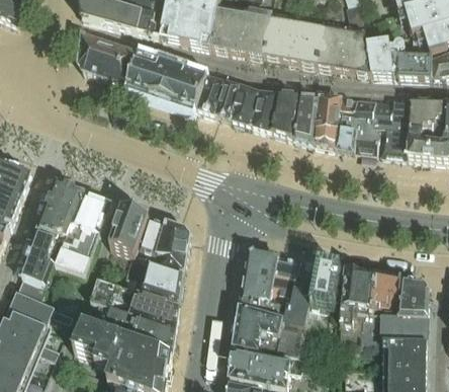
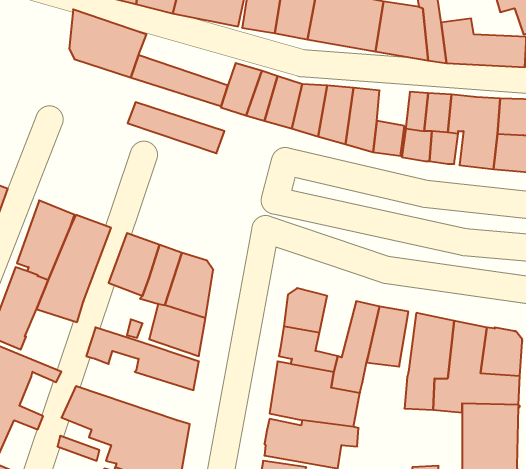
building: [132,52,207,91] -> [128,102,224,153]
building: [317,95,342,124] -> none
building: [269,254,300,302] -> none
building: [84,303,175,351] -> none

